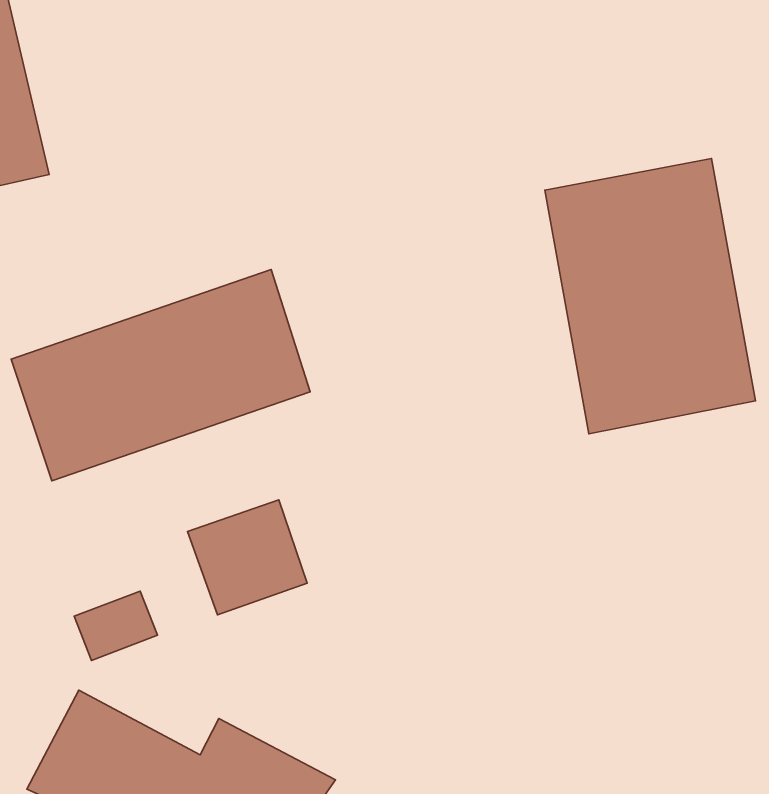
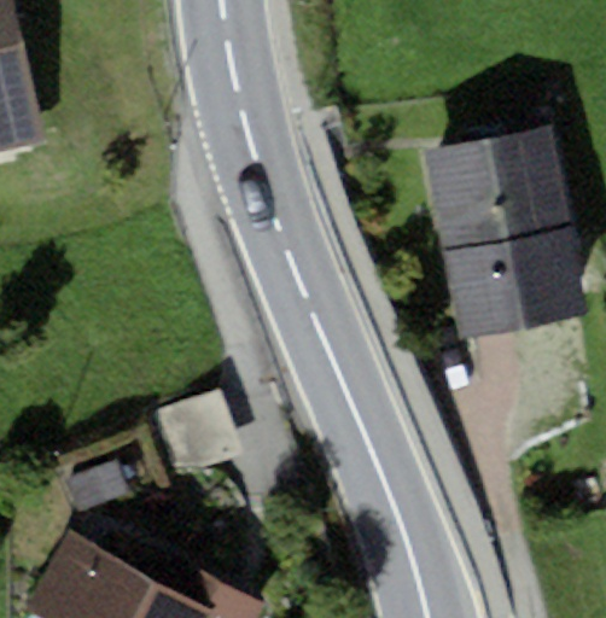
building: [11,269,310,481] -> none

